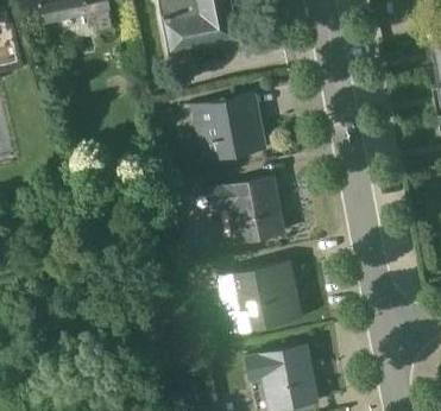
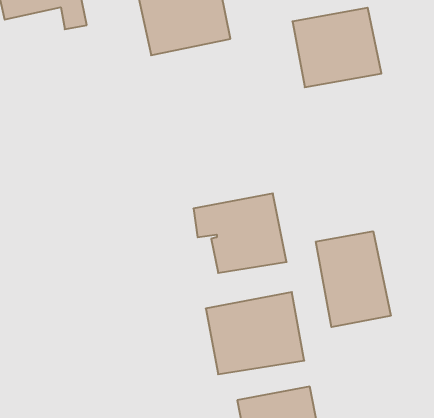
building: [190,93,267,162] -> [292,8,381,87]
building: none -> [316,231,391,327]

